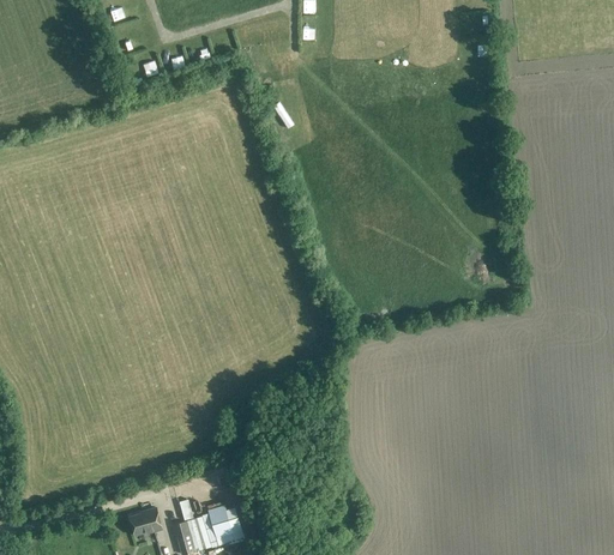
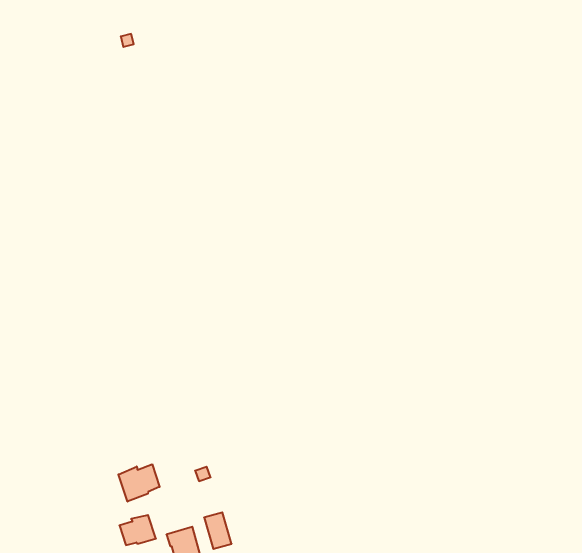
building: none -> [118,464,160,502]

